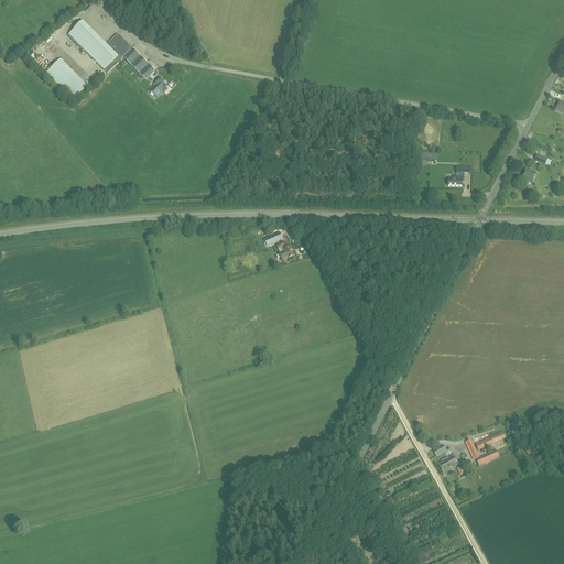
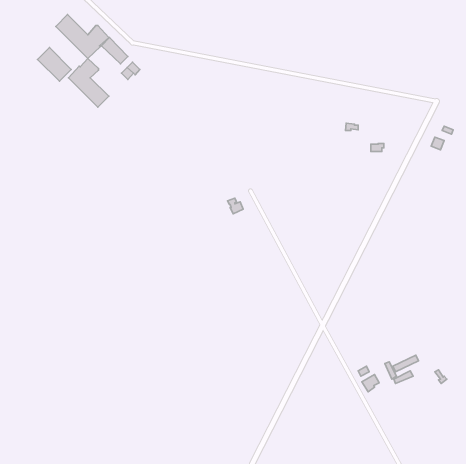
building: none -> [68,58,109,107]

